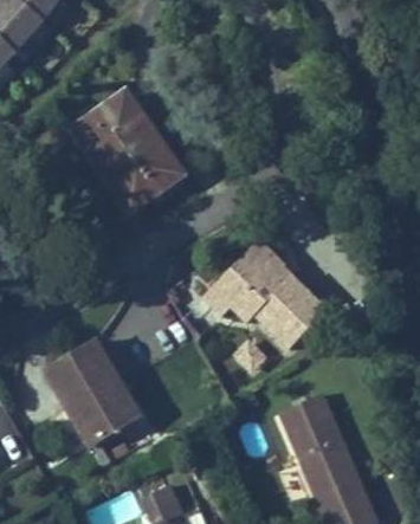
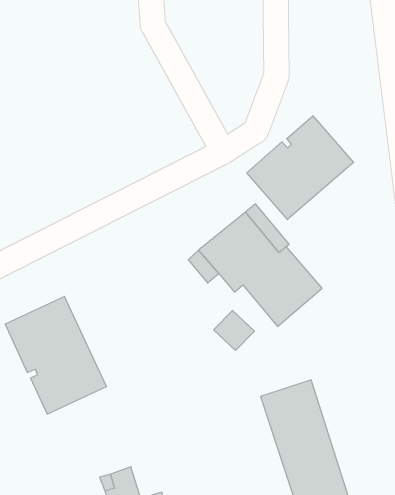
building: [71,93,182,213] -> none
building: none -> [247,116,354,220]

